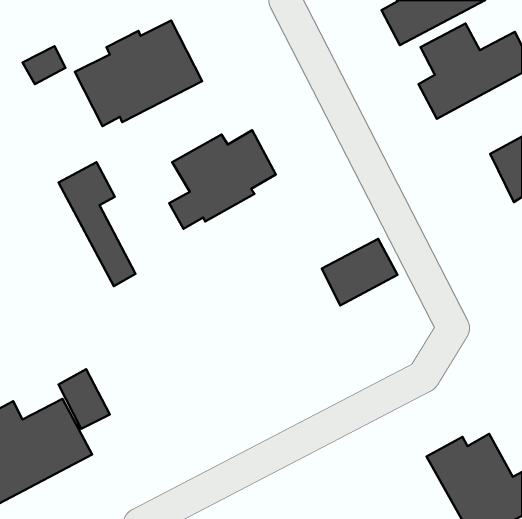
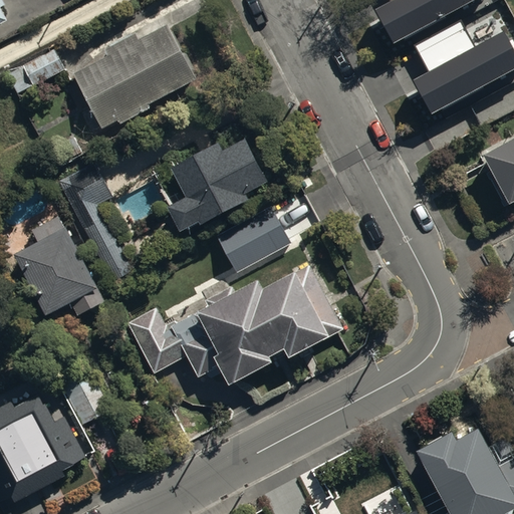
building: none -> [15,218,105,312]
building: [322,239,398,305] -> [216,212,290,277]
building: none -> [121,267,340,379]

